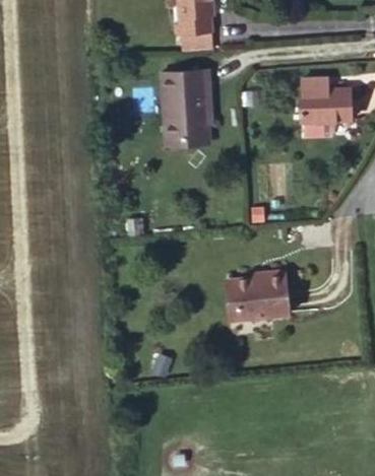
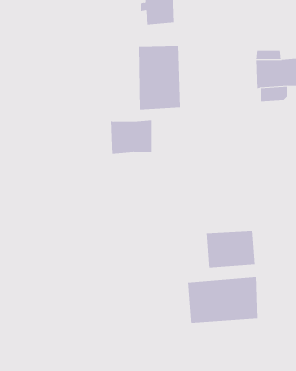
building: none -> [110,119,152,155]
building: none -> [187,276,258,324]

